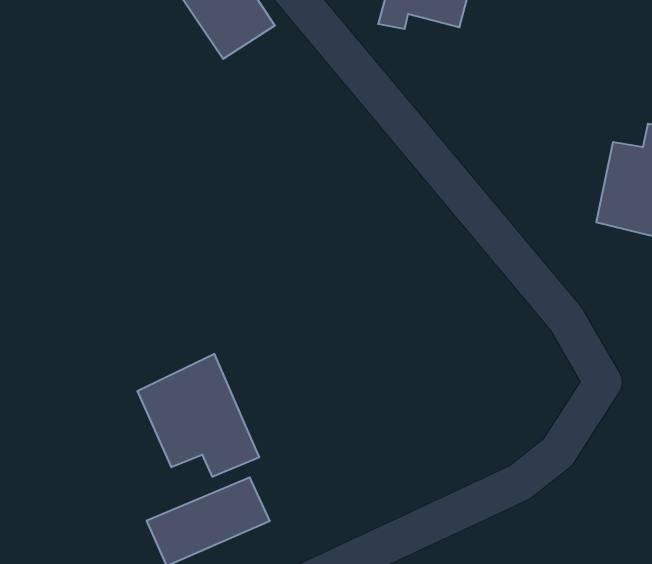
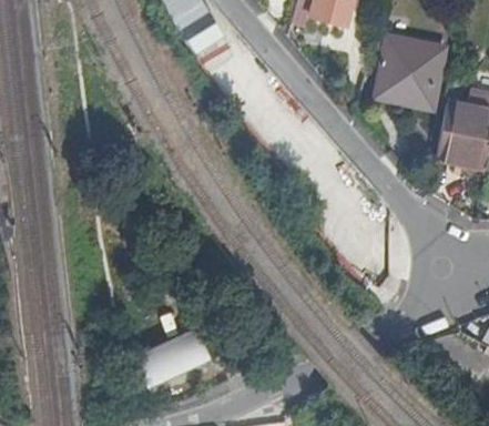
building: none -> [378,41,445,111]
building: [137,354,259,477] -> none

